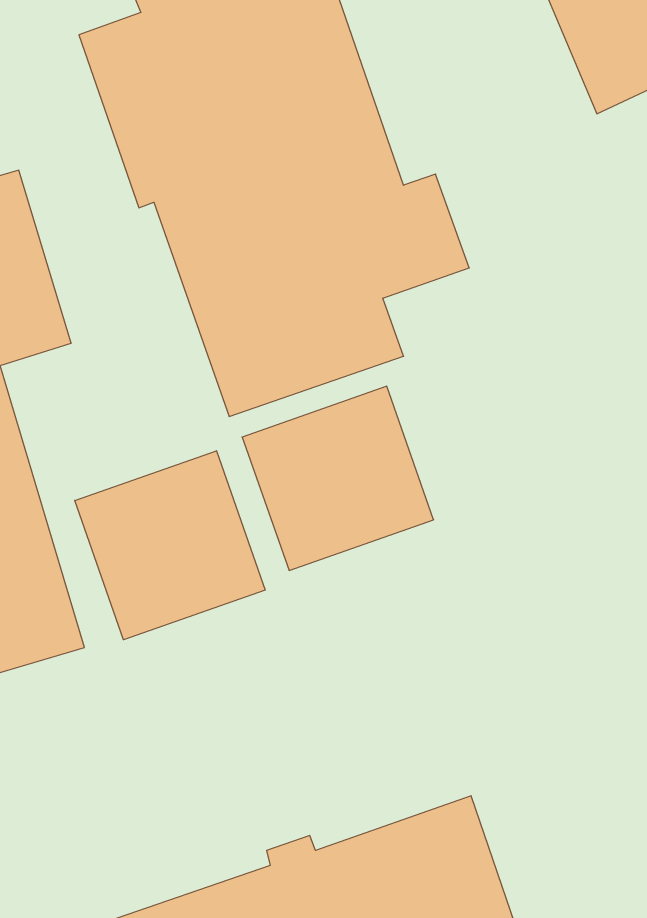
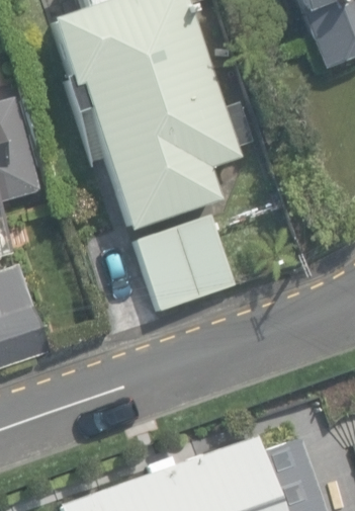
building: [75,451,265,640] -> none

